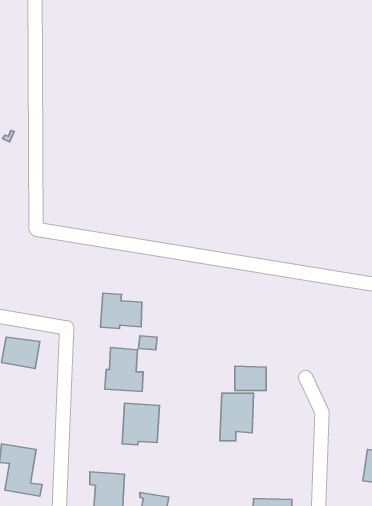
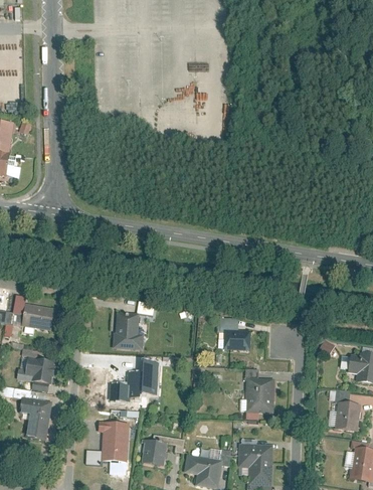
building: [101,293,142,328] -> none
building: [220,393,253,441] -> [245,378,274,420]
building: none -> [24,357,54,383]

